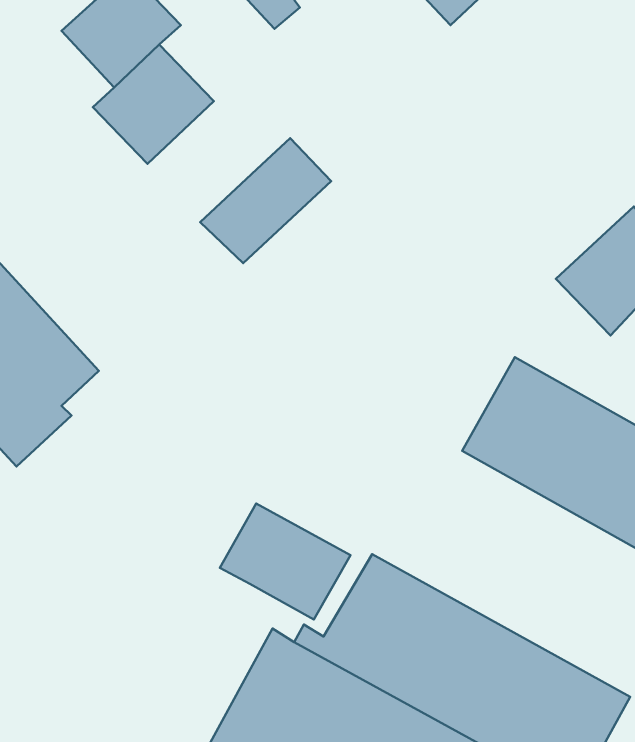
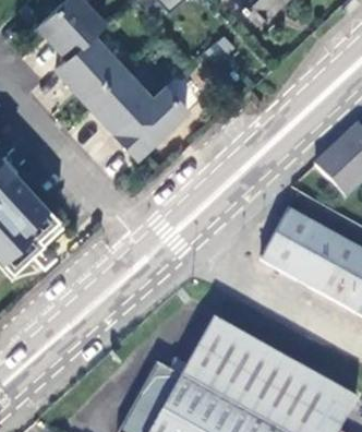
building: none -> [87,67,154,134]
building: [220,504,350,619] -> none

